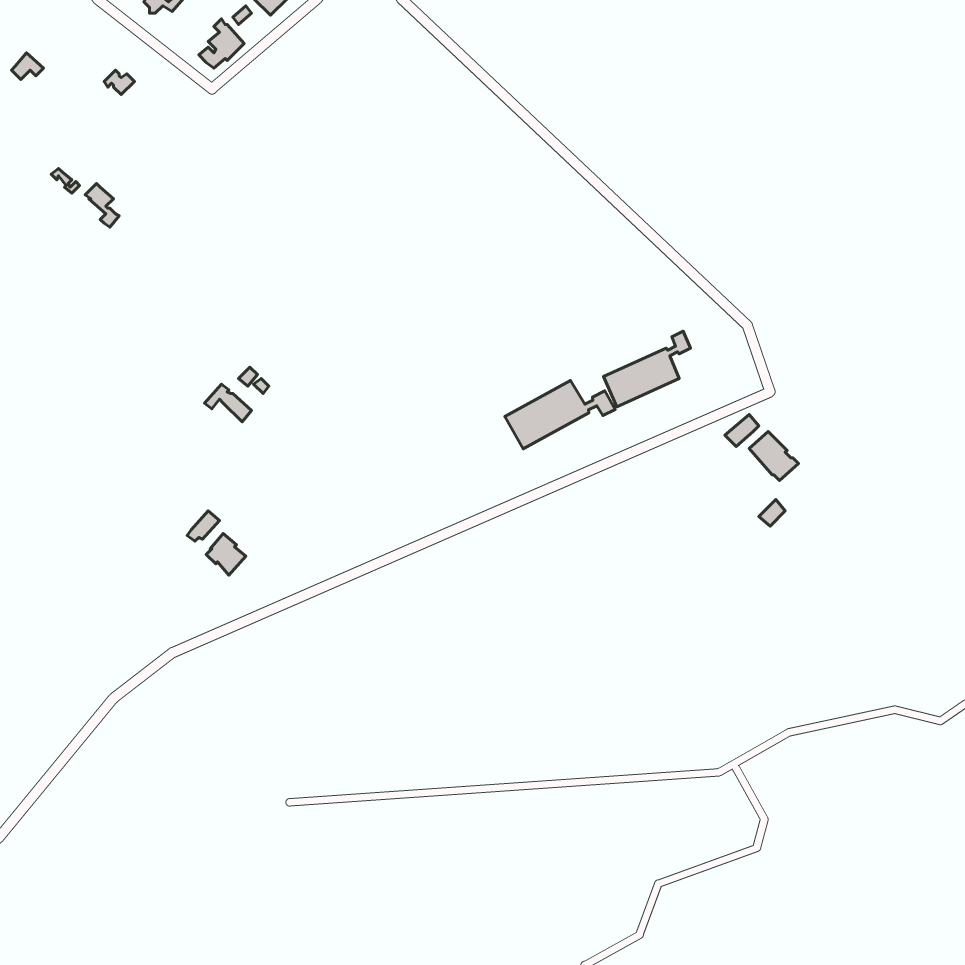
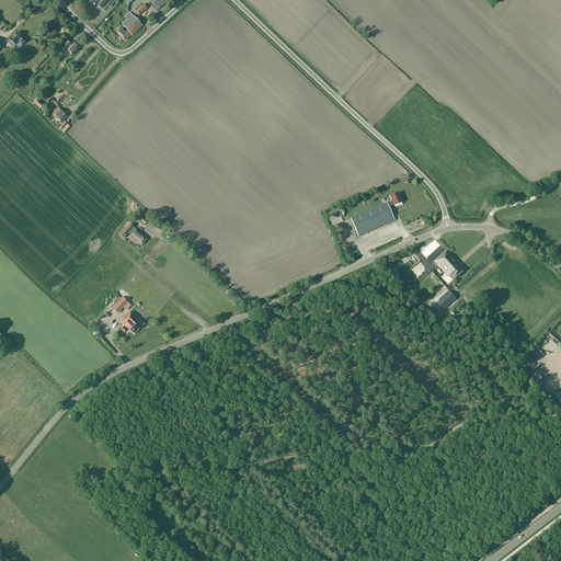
building: [505,380,615,449] -> none

